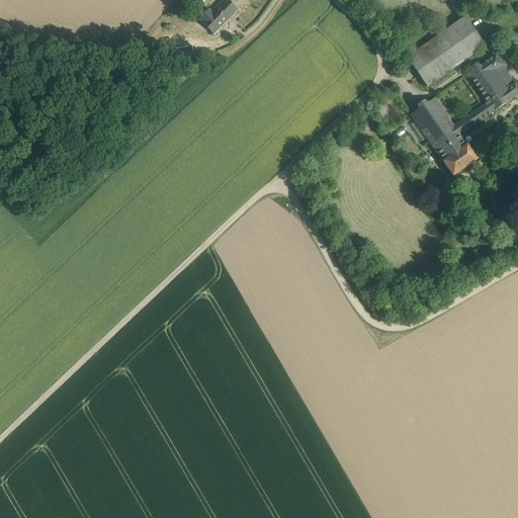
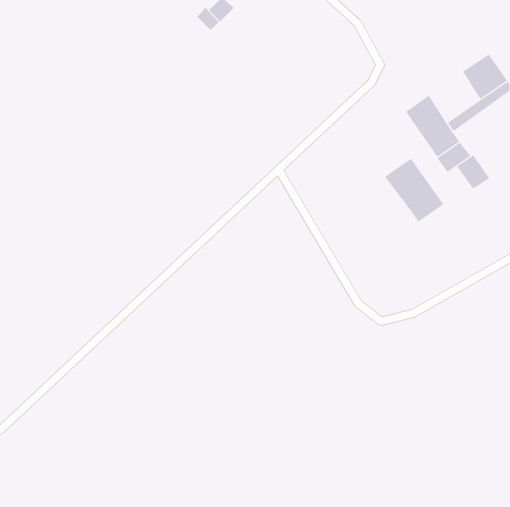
building: [407,15,485,85] -> none
building: none -> [456,155,490,189]
building: none -> [384,158,444,223]

